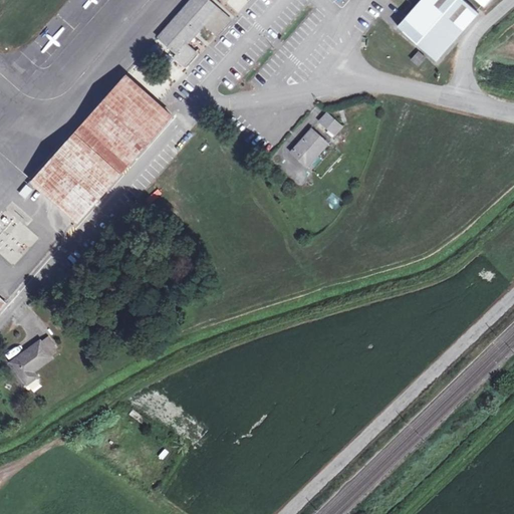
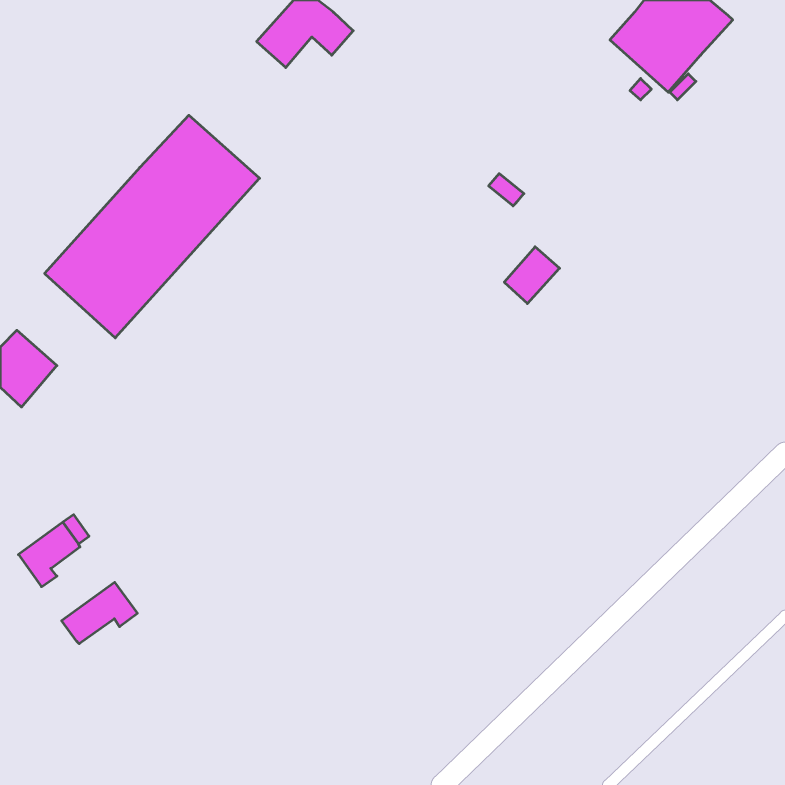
building: [159,27,197,66] -> none
building: [292,130,328,167] -> [504,247,560,304]
building: none -> [62,582,137,644]

